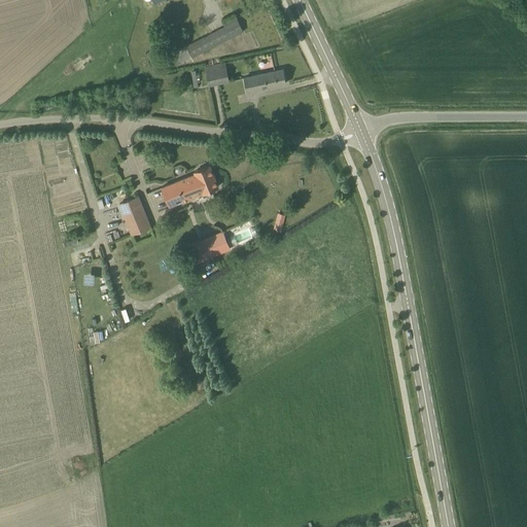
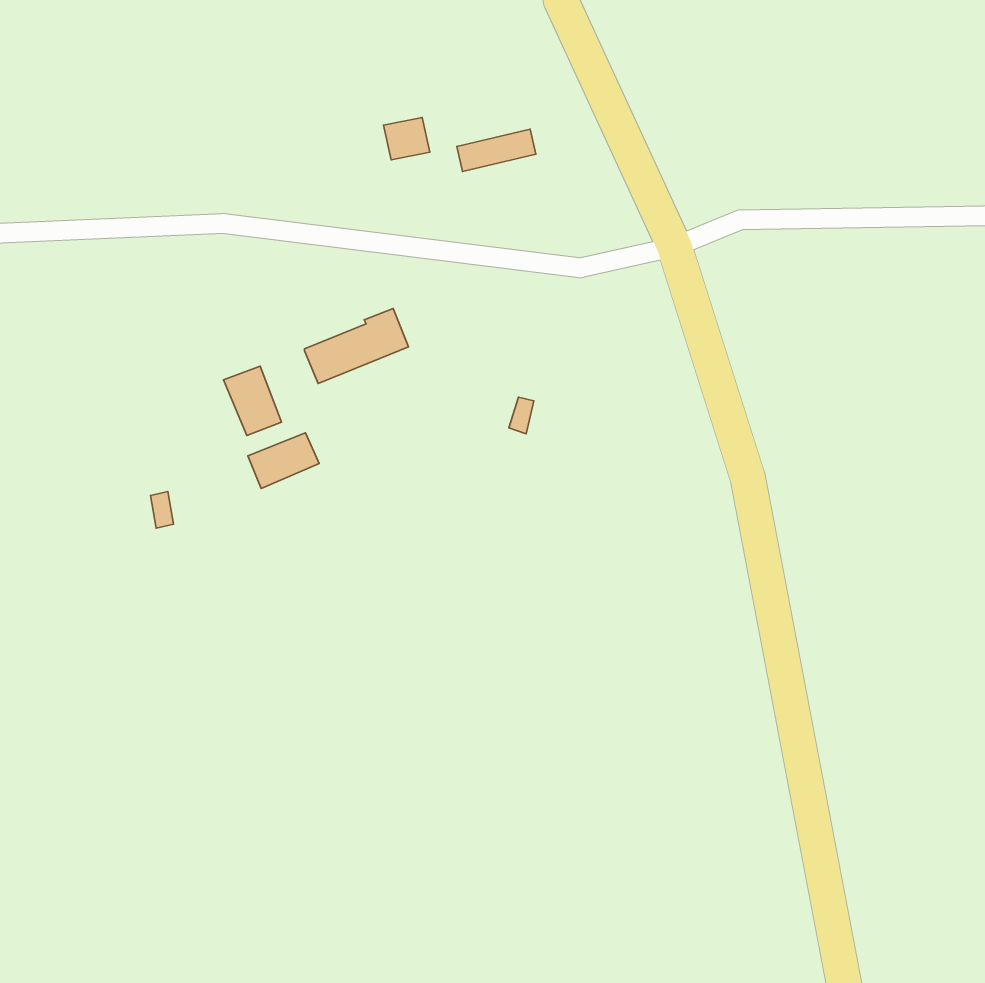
building: [186,17,243,58] -> none
building: [191,233,230,262] -> [248,433,319,489]

